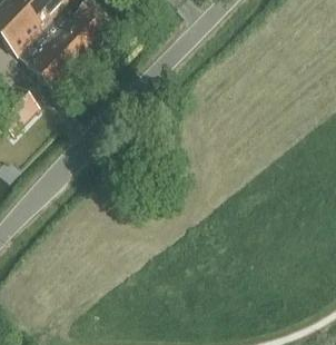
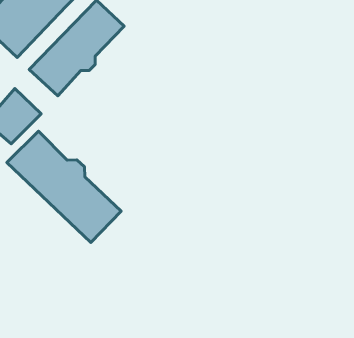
building: none -> [7,131,121,243]

